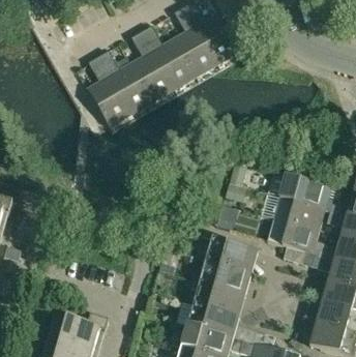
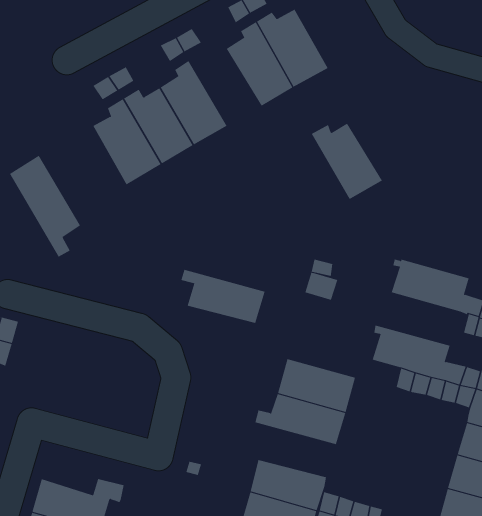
building: [150,38,197,88] -> [311,123,383,200]
building: none -> [9,155,81,257]
building: [270,196,325,230] -> none
building: [190,279,245,315] -> [181,269,266,324]

